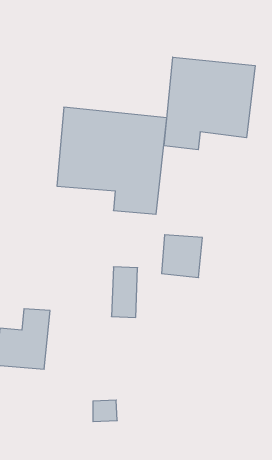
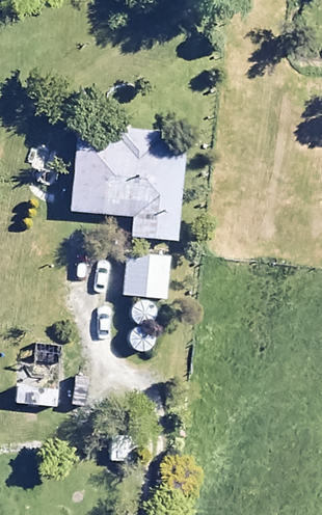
building: [164,57,255,150] -> none
building: [162,235,202,278] -> [124,253,167,299]

